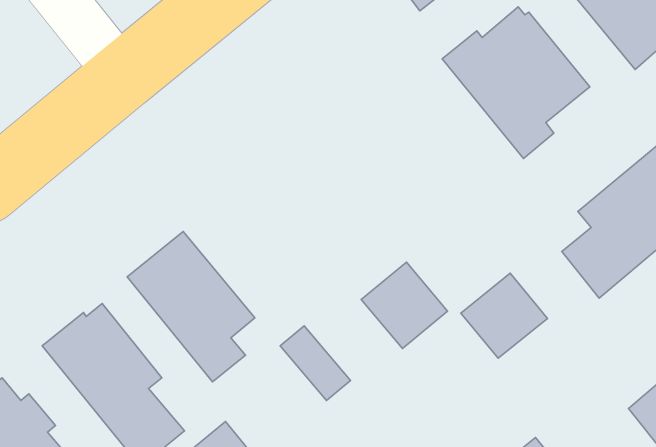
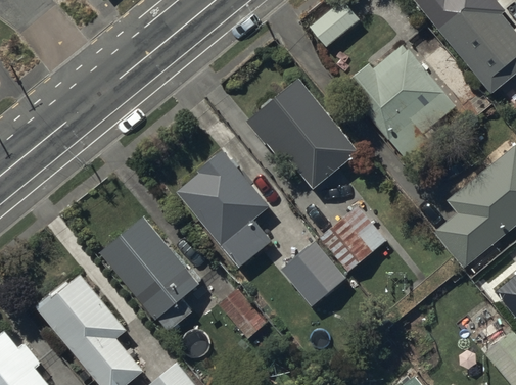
building: none -> [245,79,359,189]
building: none -> [176,149,271,268]
building: [461,273,547,358] -> [319,207,385,273]

